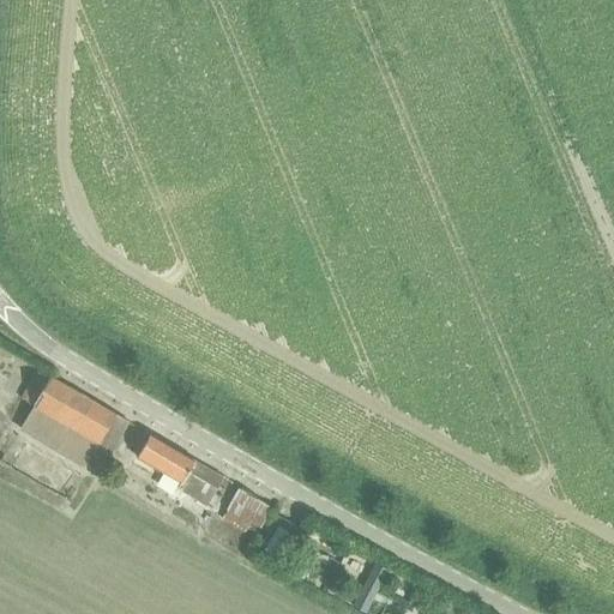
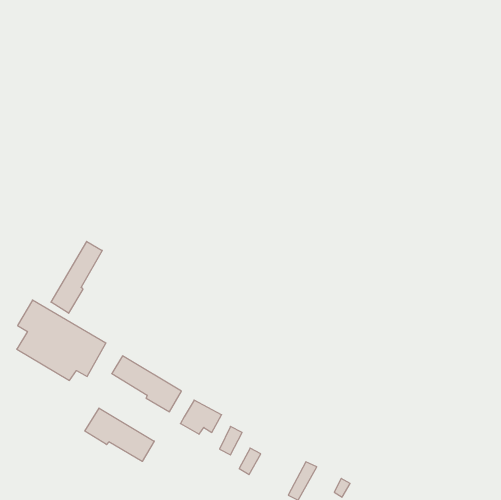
building: none -> [51,241,102,313]
building: none -> [85,408,154,461]

